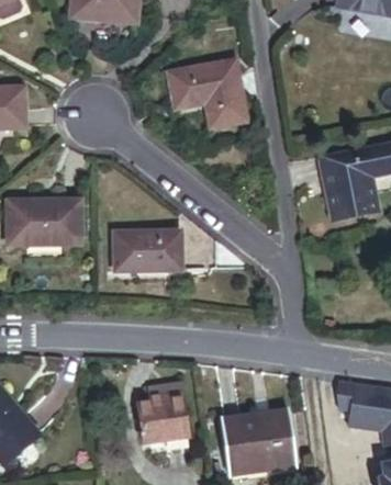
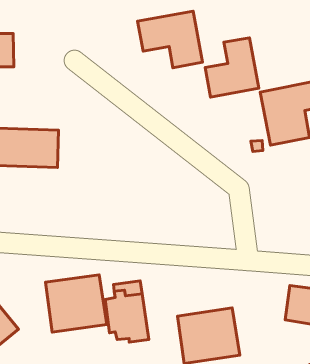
building: none -> [205,38,259,97]
building: [114,233,180,271] -> none
building: none -> [46,275,107,332]

